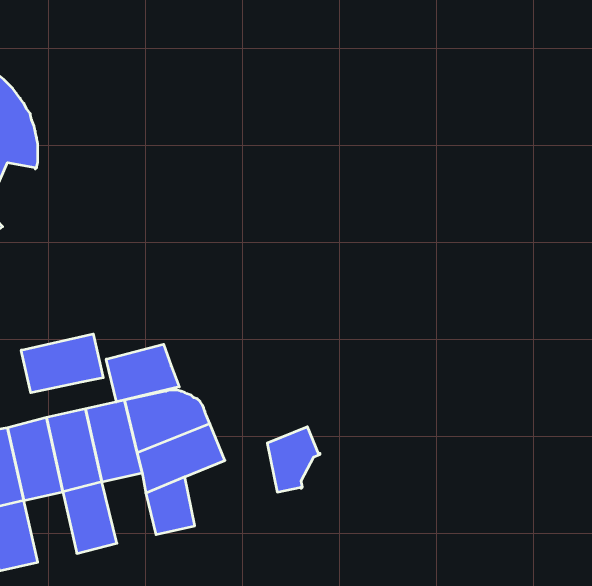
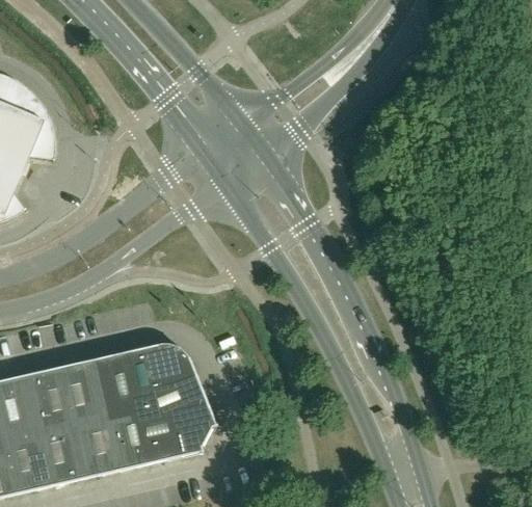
building: [21,334,103,393] -> none
building: [106,344,179,402] -> none
building: [267,427,320,492] -> [171,401,215,455]
building: none -> [103,411,148,470]
building: none -> [38,427,82,485]

